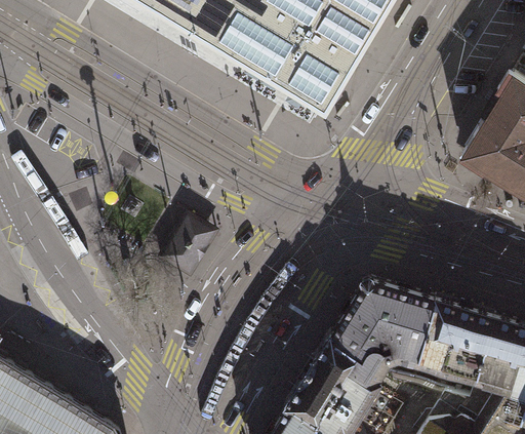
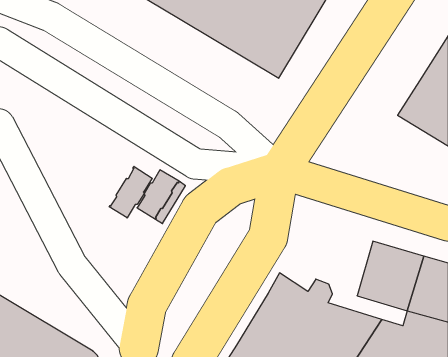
building: none -> [109,166,152,218]
building: [327,276,436,361] -> none

